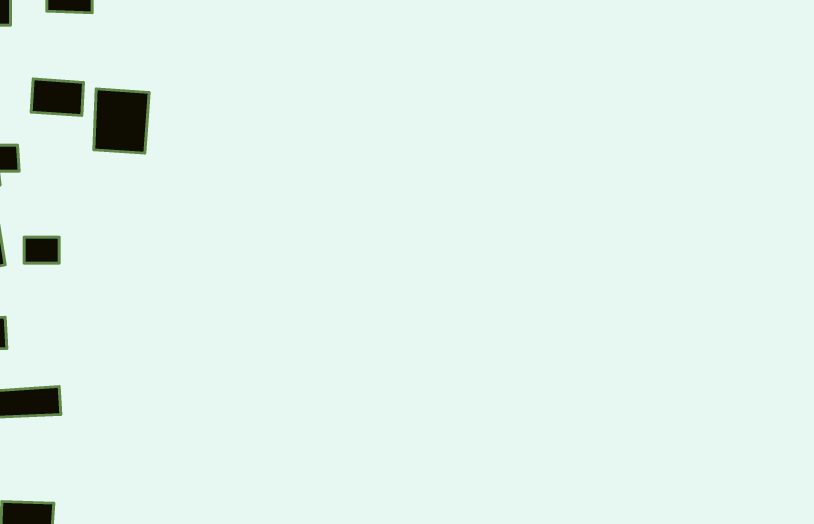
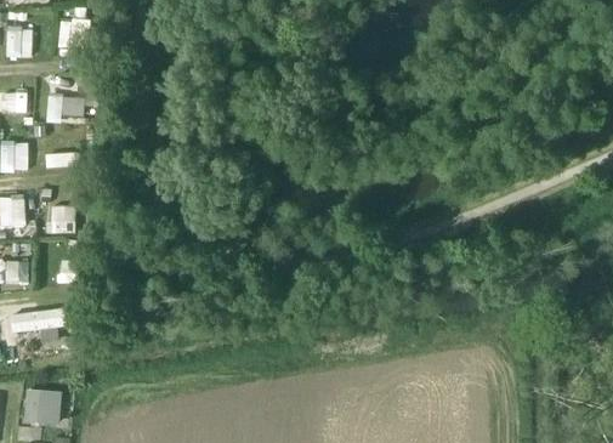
building: [94,89,149,153] -> none

